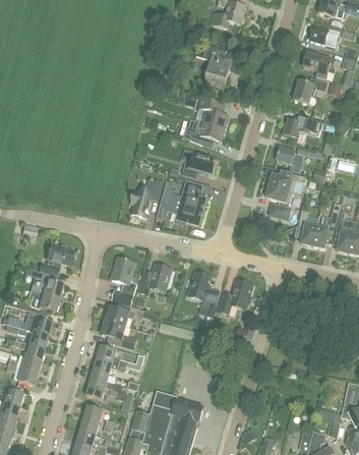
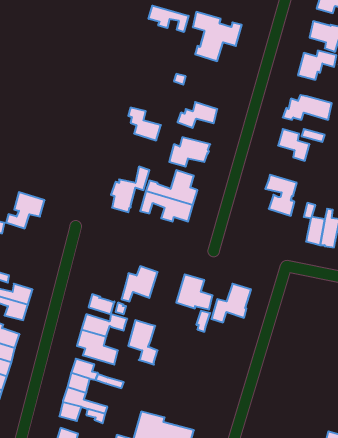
building: none -> [149,6,189,32]
building: [198,99,227,127] -> [128,108,161,140]
building: [268,168,307,191] -> none
building: [39,242,72,274] -> [6,192,45,228]
building: [111,257,136,295] -> [128,320,158,365]

